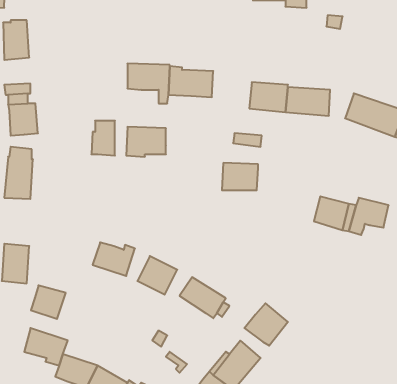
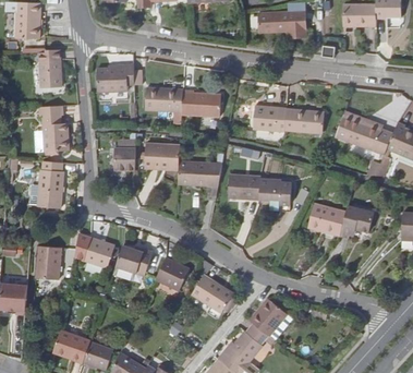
building: none -> [97,63,134,89]
building: none -> [179,159,222,183]
building: none -> [259,179,292,203]
building: [31,285,66,319] -> [83,238,113,267]

